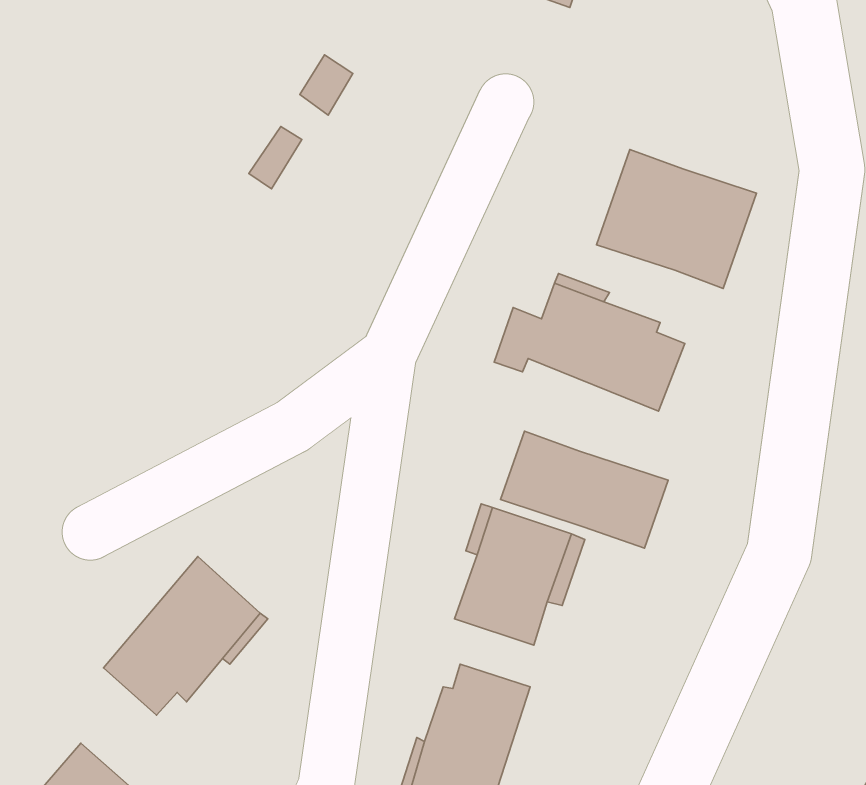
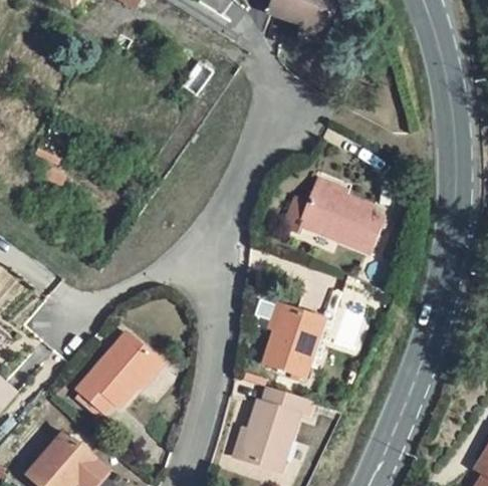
building: [596,150,757,288] -> none
building: [501,431,668,548] -> none

